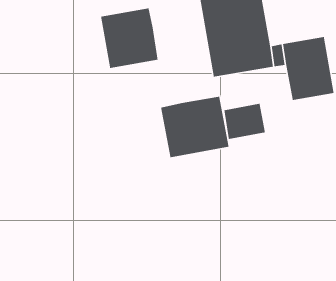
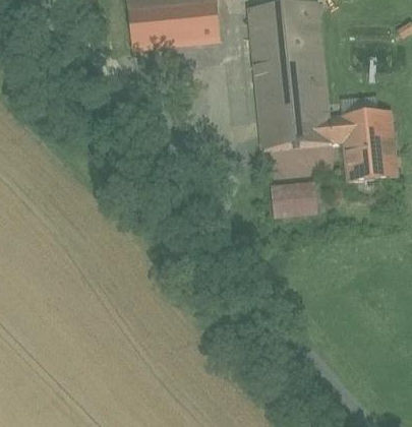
building: [100,8,158,69] -> none
building: [160,96,229,158] -> none

